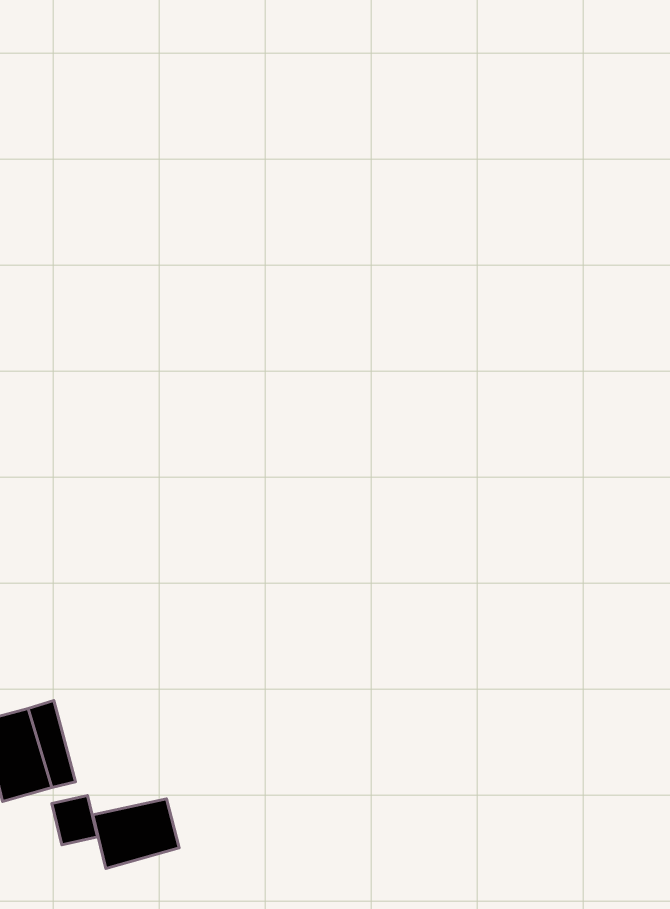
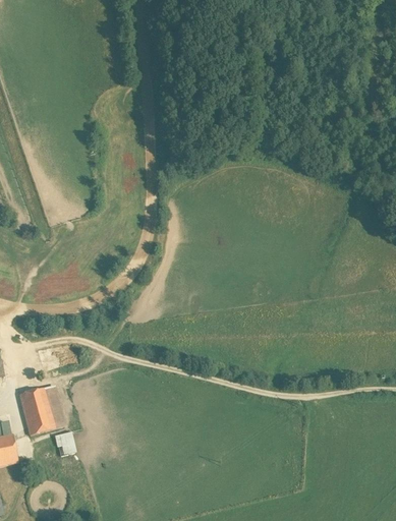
building: [93,799,179,869] -> none

